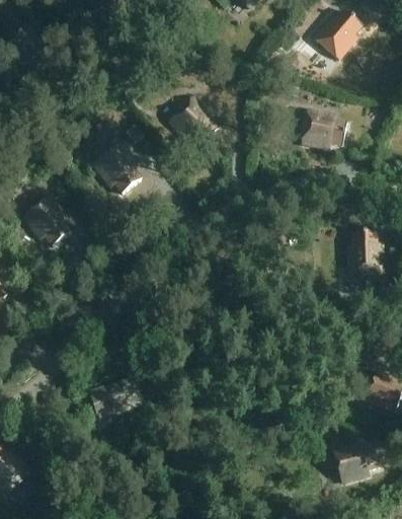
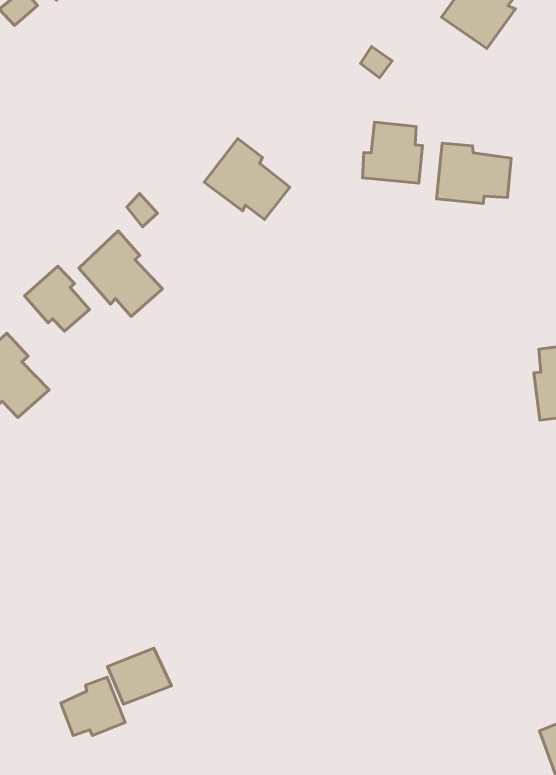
building: none -> [362,122,423,183]
building: none -> [25,266,89,331]
building: none -> [61,677,125,736]

